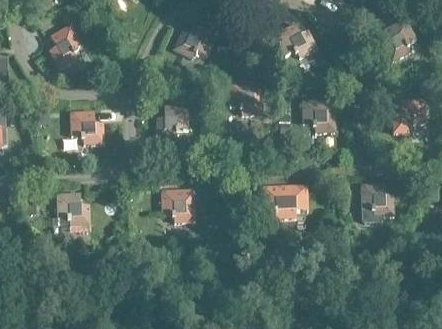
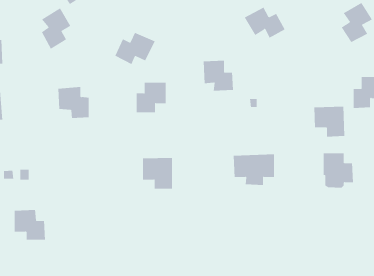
building: [172,23,217,59] -> [114,32,155,65]
building: [303,99,338,133] -> [313,106,345,137]
building: [55,192,90,226] -> [14,209,46,240]

